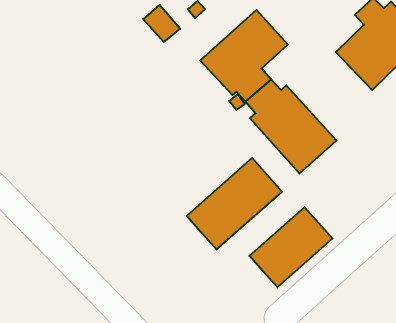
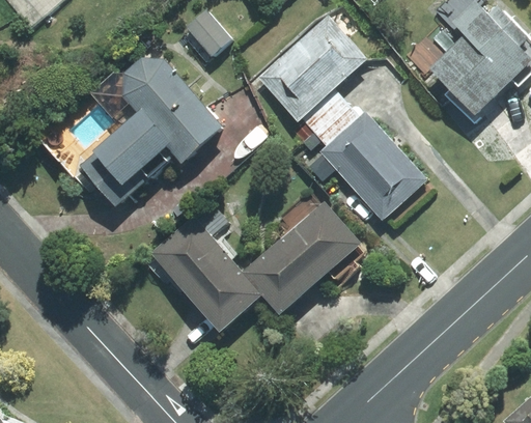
building: none -> [79,56,222,207]
building: none -> [147,205,260,333]
building: [249,207,333,287] -> none

